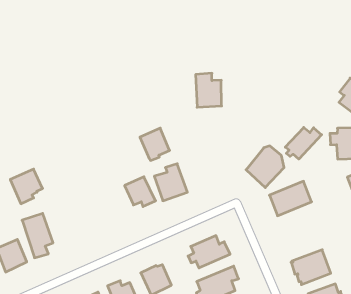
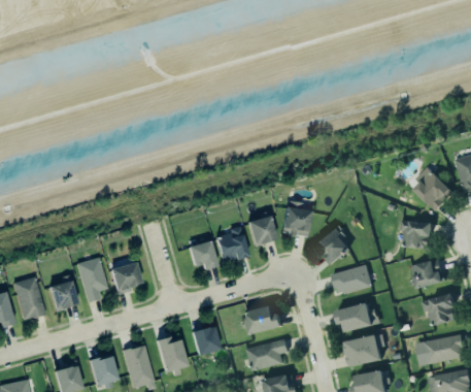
building: [196,73,222,107] -> [283,202,311,237]
building: [285,127,322,159] -> none
building: [140,128,170,160] -> [247,216,275,247]
building: [10,169,43,204] -> [109,262,140,295]
building: none -> [334,302,378,331]

